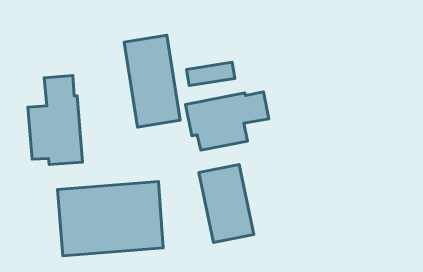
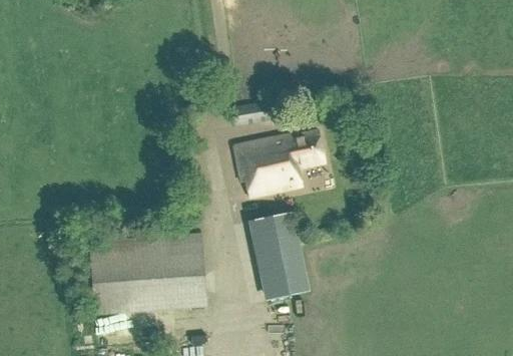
building: [124,35,180,127] -> none
building: [28,76,83,165] -> none

